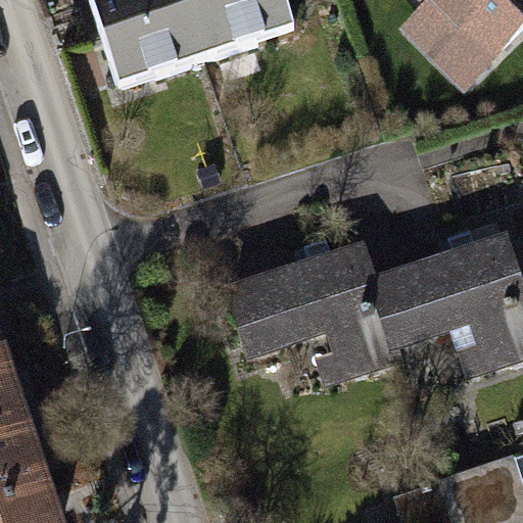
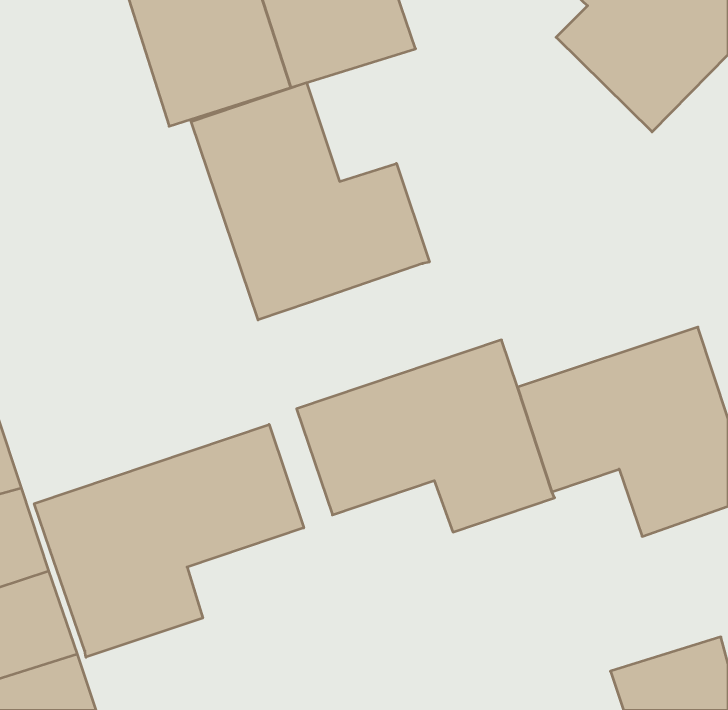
building: none -> [191,83,429,320]
building: none -> [34,424,304,657]

